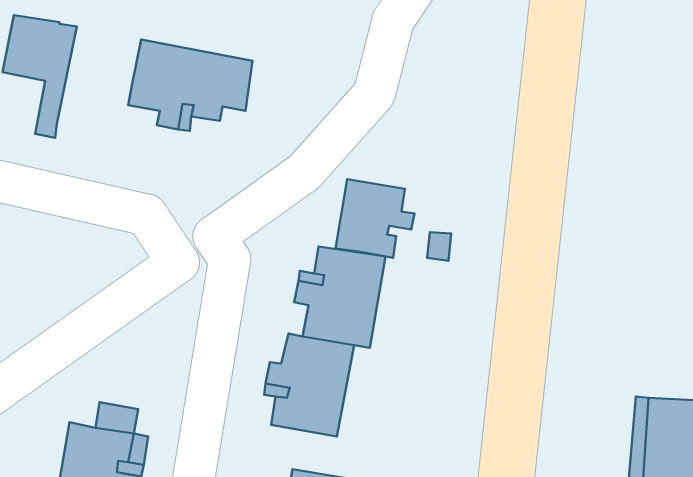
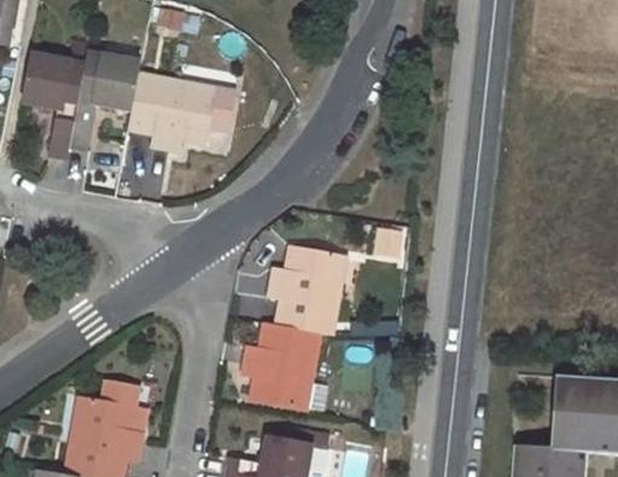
building: none -> [68,52,141,149]
building: [335,179,414,258] -> none

